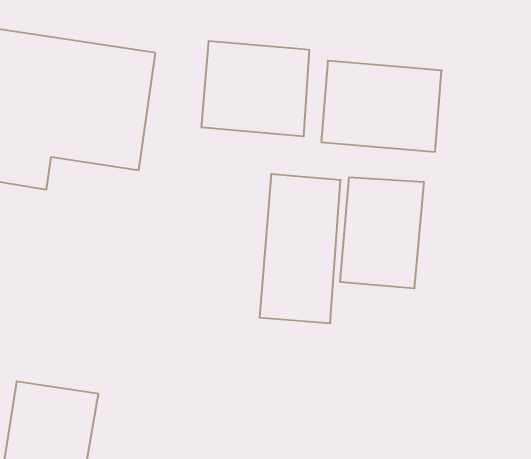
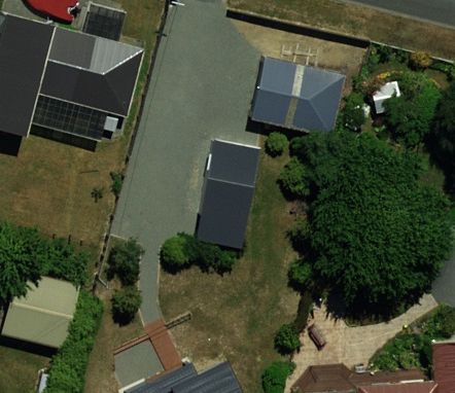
building: [201,41,309,137] -> none
building: [340,177,424,289] -> none

